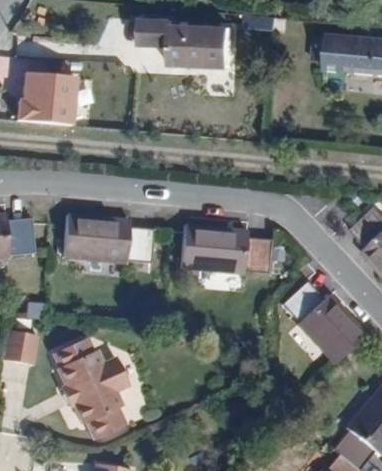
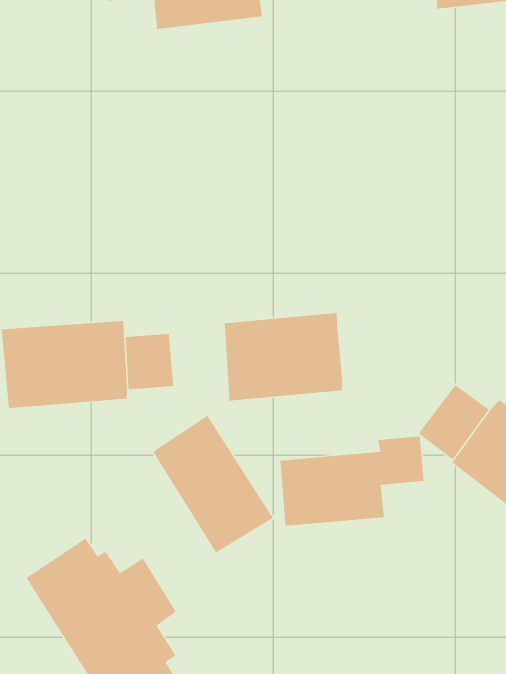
building: [245,239,271,274] -> none
building: none -> [153,414,274,553]
building: none -> [280,435,425,527]

